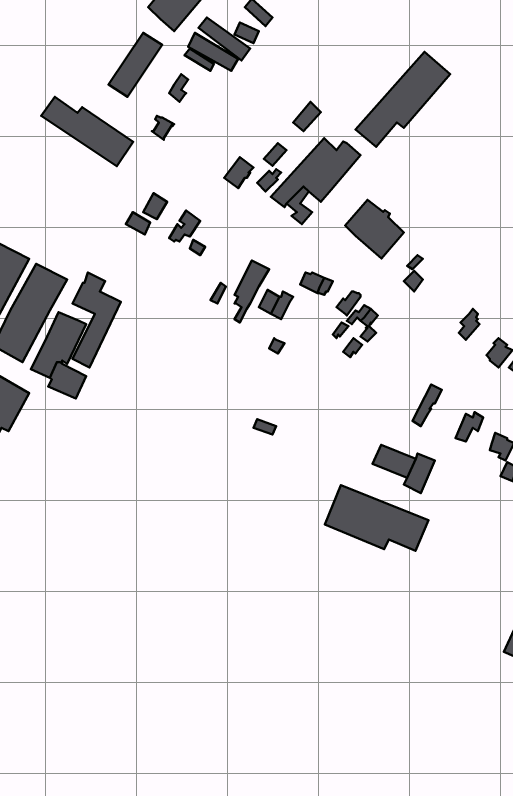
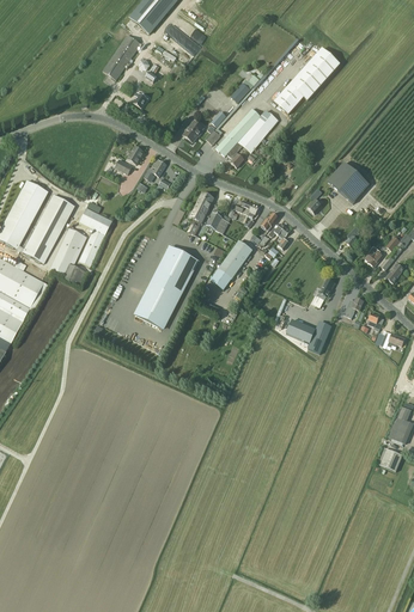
building: [41,97,133,166] -> none
building: [345,200,404,258] -> [328,163,369,203]
building: none -> [209,240,252,290]
building: none -> [135,246,196,329]
building: [325,485,429,551] -> none

